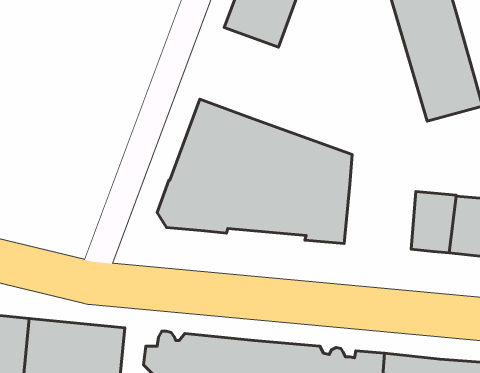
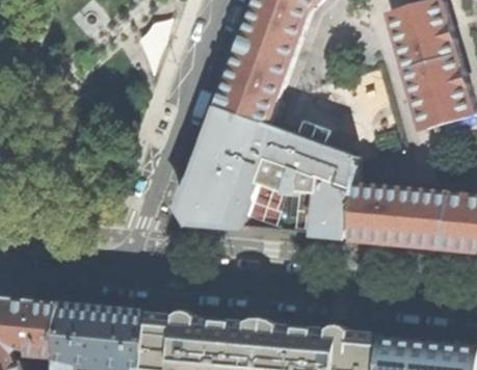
building: none -> [215,44,286,126]
building: none -> [345,185,409,243]

